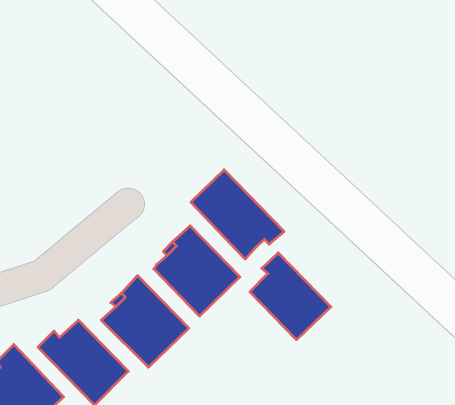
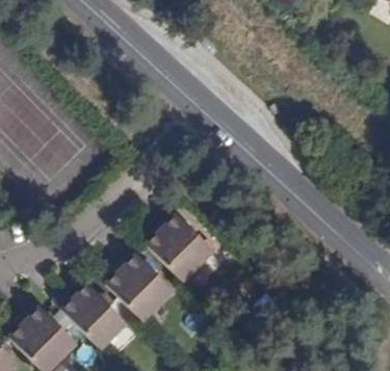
building: [191,170,284,259] -> none
building: [250,253,331,340] -> none

